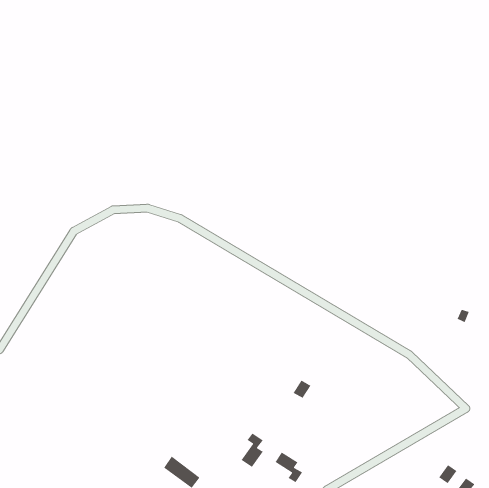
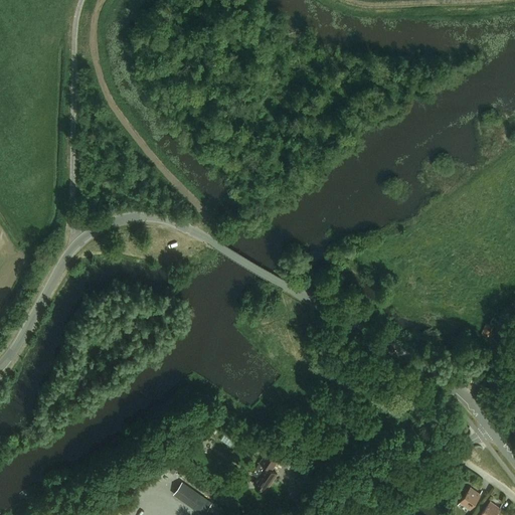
building: [274,451,303,483] -> none

